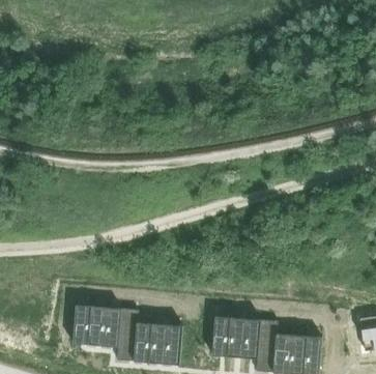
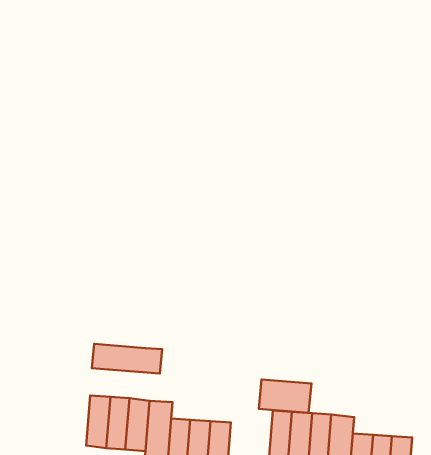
building: none -> [92,344,162,374]
building: none -> [259,379,311,413]

